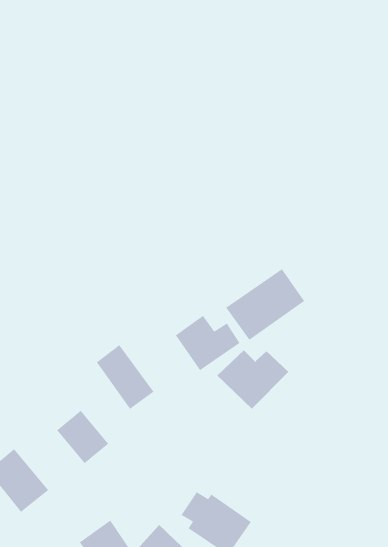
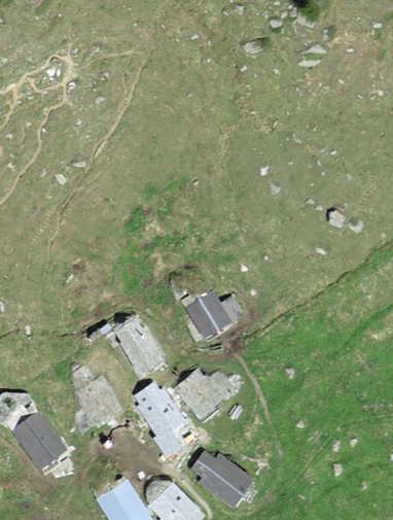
building: [225,268,305,341] -> none
building: [217,349,289,409] -> [173,366,239,420]
building: none -> [129,378,185,438]

